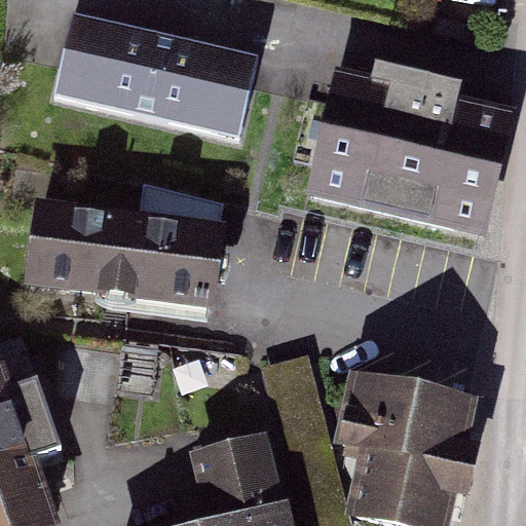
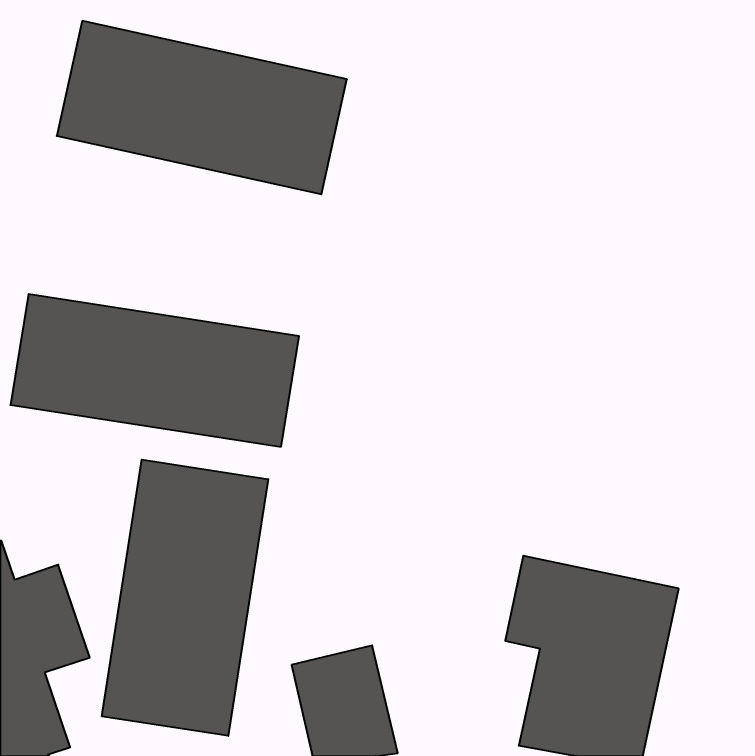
building: [326,81,508,222] -> none
building: none -> [102,460,268,736]

